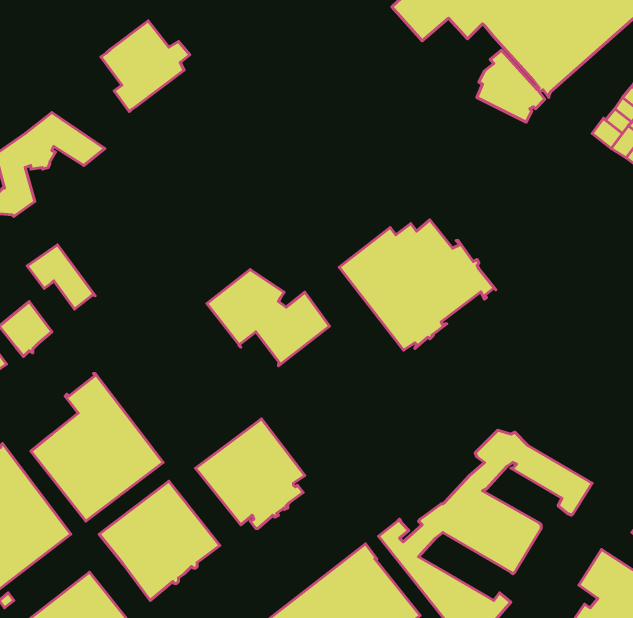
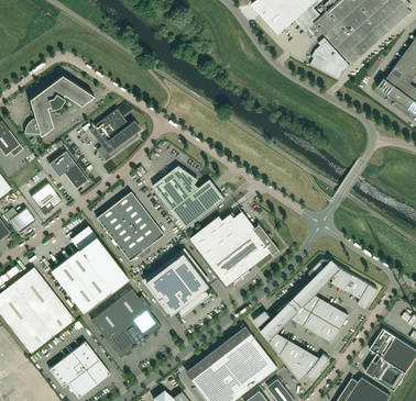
building: [101,21,190,112] -> [89,109,141,161]
building: [339,220,496,350] -> [189,211,281,287]
building: none -> [96,191,164,260]

